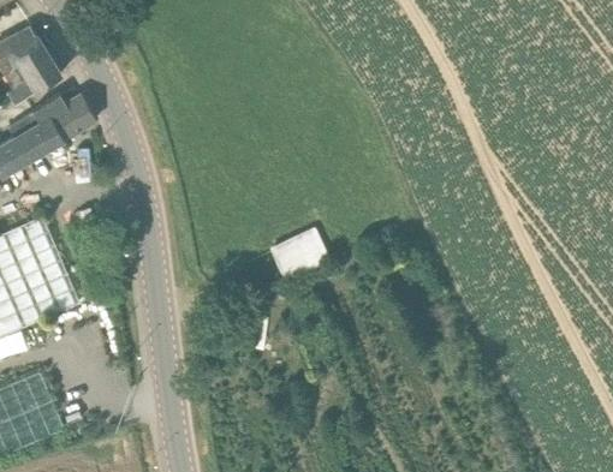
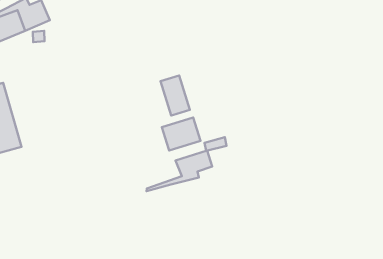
building: none -> [160,75,190,116]
building: none -> [146,151,212,191]

